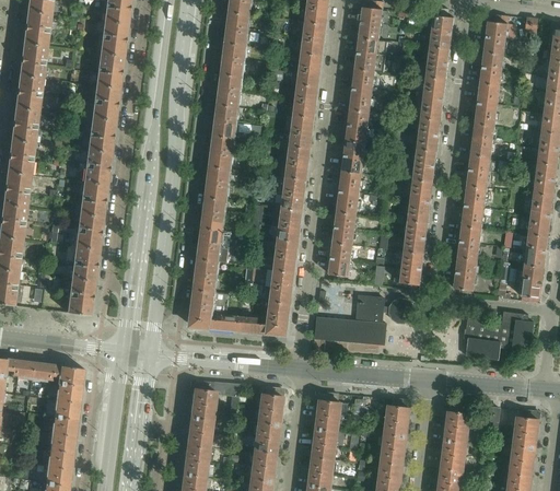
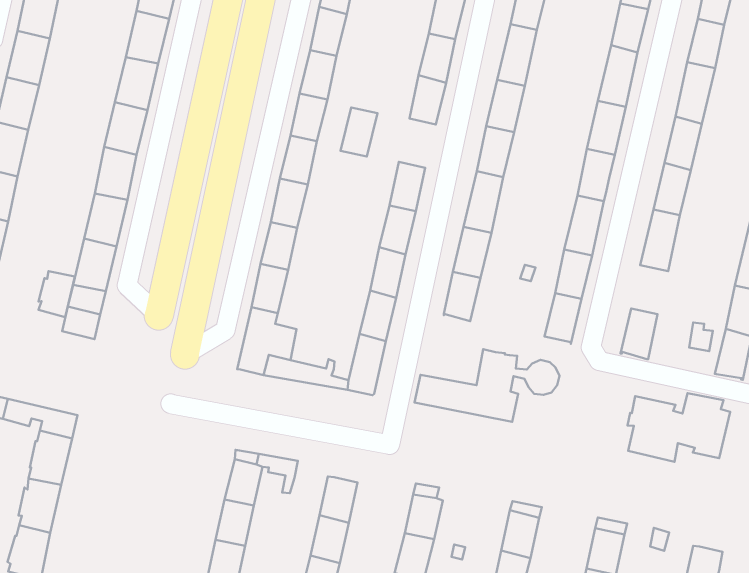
building: [287,142,310,175] -> [340,107,377,156]
building: [457,227,480,260] -> none
building: none -> [38,271,75,317]

